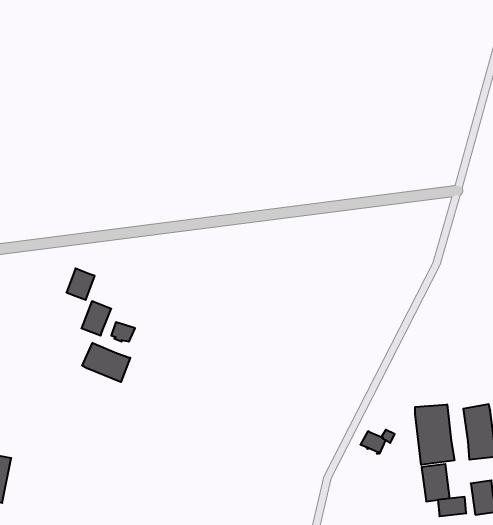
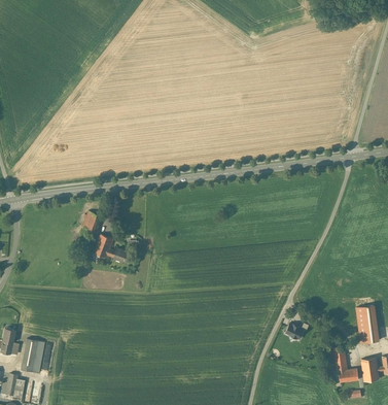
building: [82,343,130,382] -> none
building: [415,404,454,465] -> none

